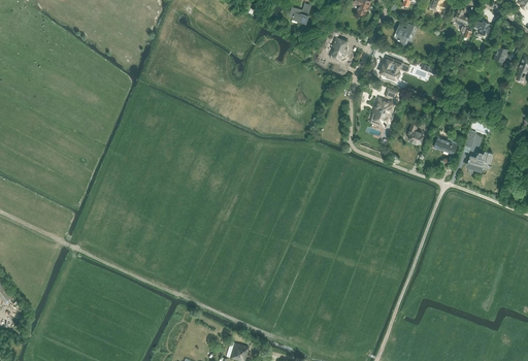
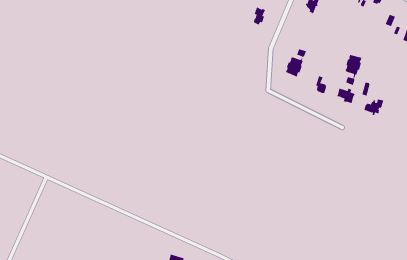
building: [380,54,407,79] -> none
building: none -> [345,54,363,86]

